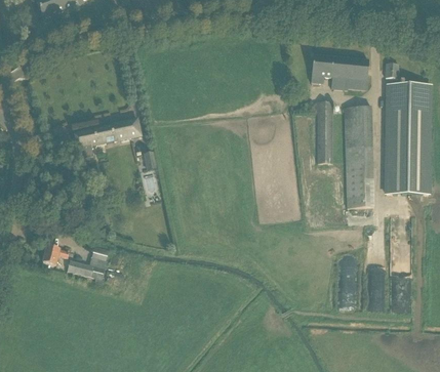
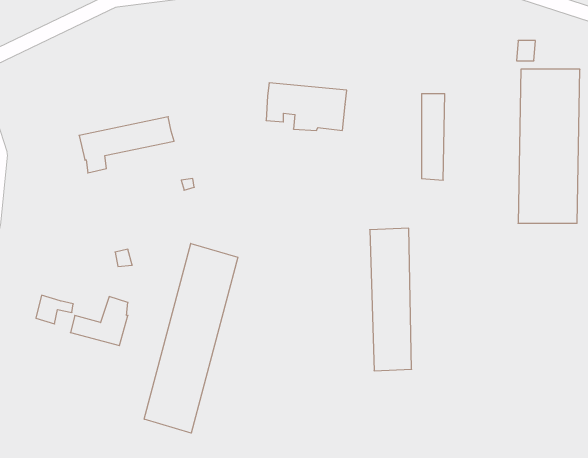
building: [310,54,367,88] -> [266,83,347,130]
building: [343,106,372,207] -> [370,228,412,371]
building: none -> [144,243,238,433]

